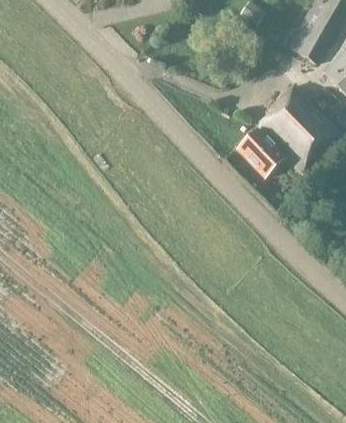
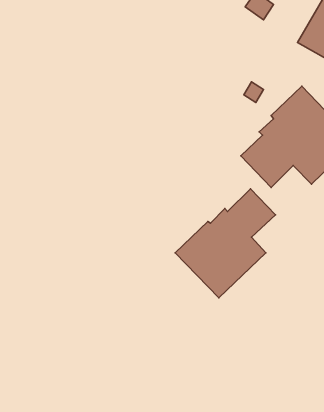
building: none -> [175,189,275,298]

